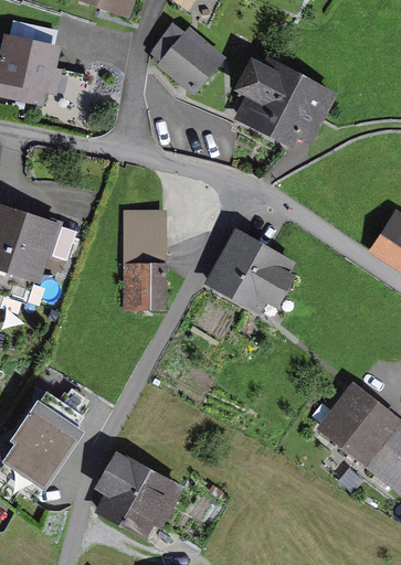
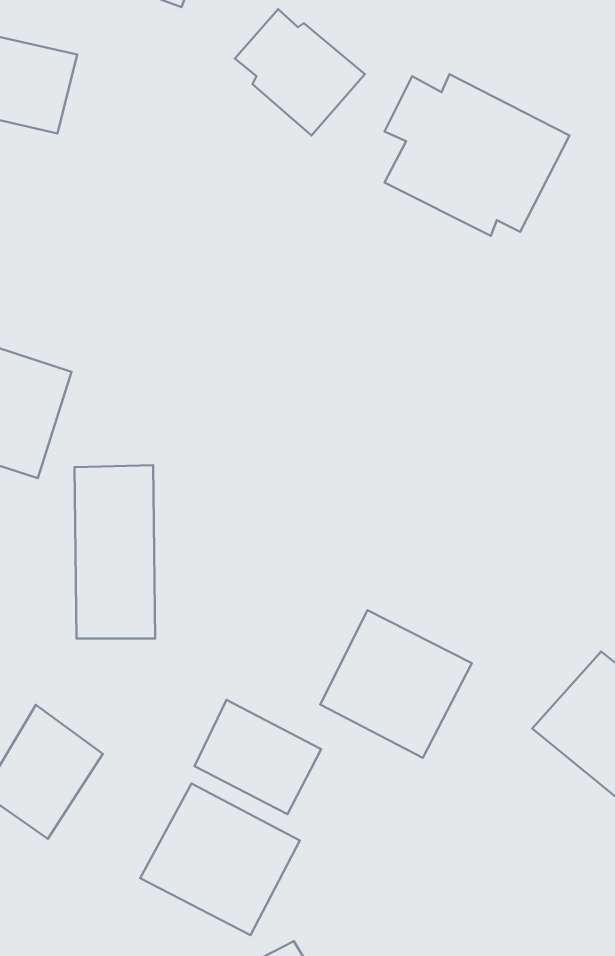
building: [122,209,167,306] -> [74,465,155,639]
building: [208,231,293,313] -> [320,610,472,758]
building: none -> [194,700,321,814]

